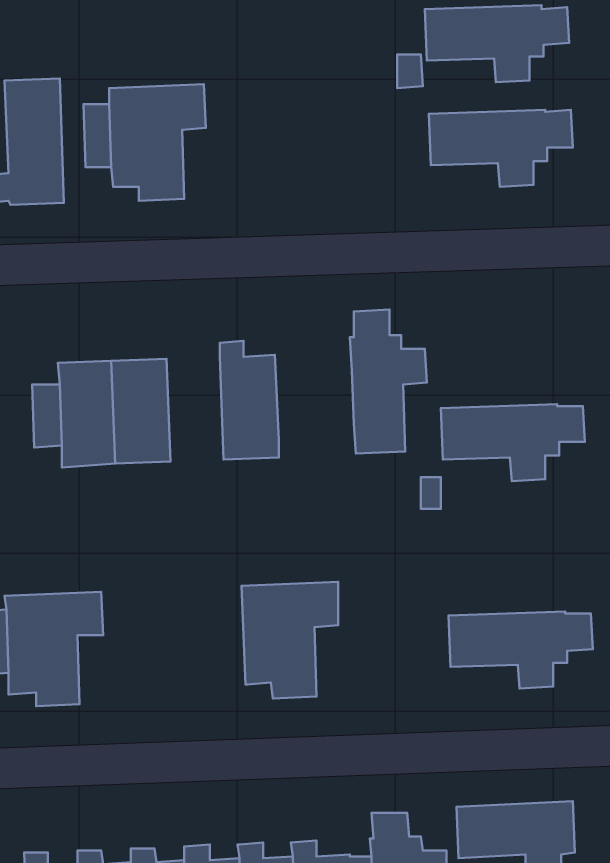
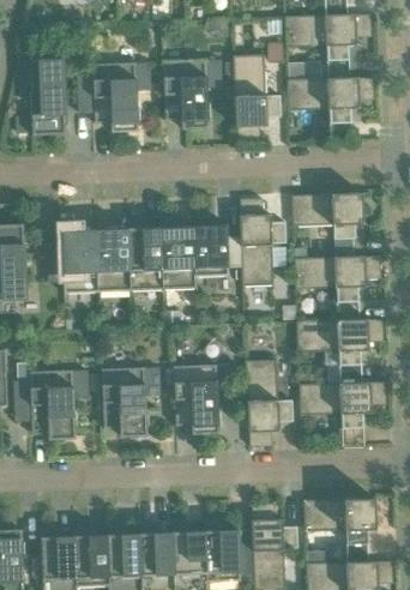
building: none -> [233,54,281,142]
building: none -> [163,59,222,128]
building: none -> [291,192,363,239]
building: none -> [193,215,241,277]
building: none -> [126,218,162,290]
building: none -> [296,318,384,383]
building: none -> [245,360,293,446]
building: none -> [101,367,159,437]

